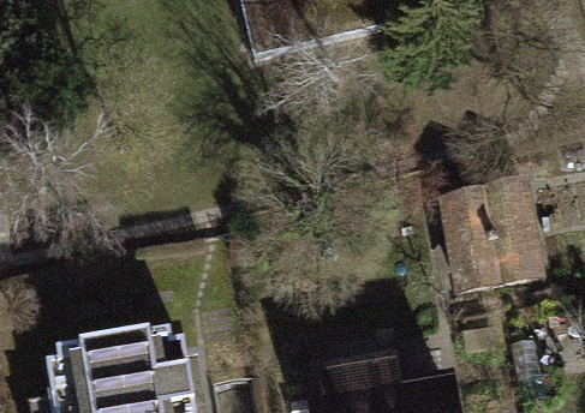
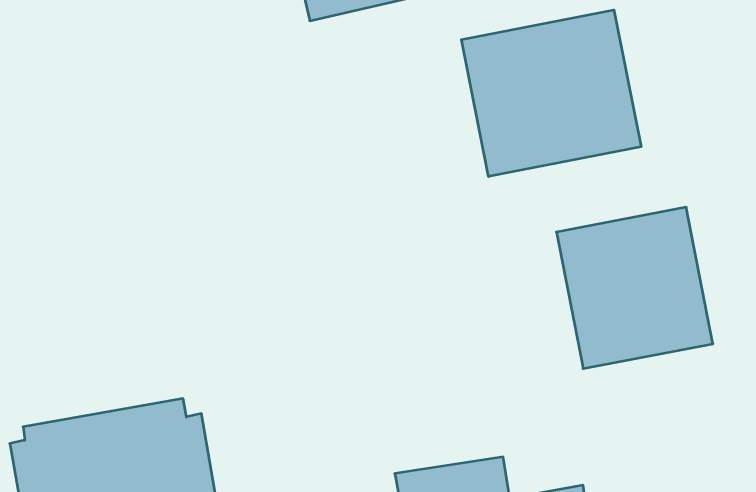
building: none -> [461,10,641,177]

